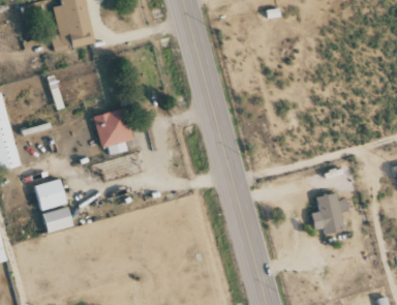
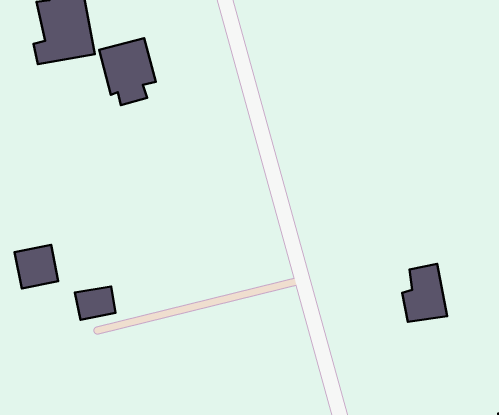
building: [93,108,133,155] -> [99,38,156,105]
building: [43,208,72,232] -> [75,287,116,320]

